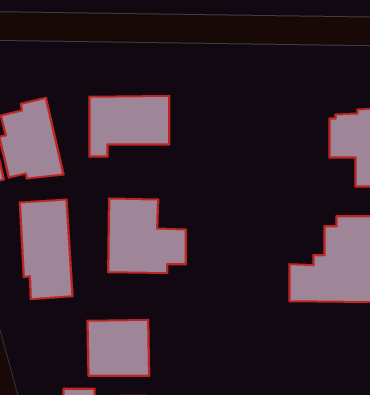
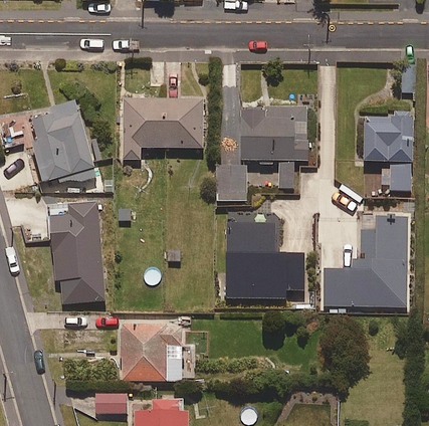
building: none -> [240,106,307,188]
building: none -> [215,165,247,201]
building: [108,199,186,273] -> [225,223,303,298]

